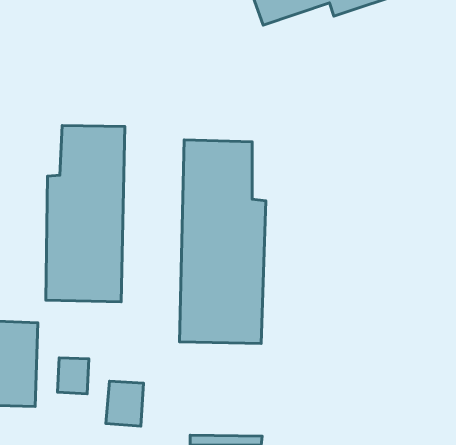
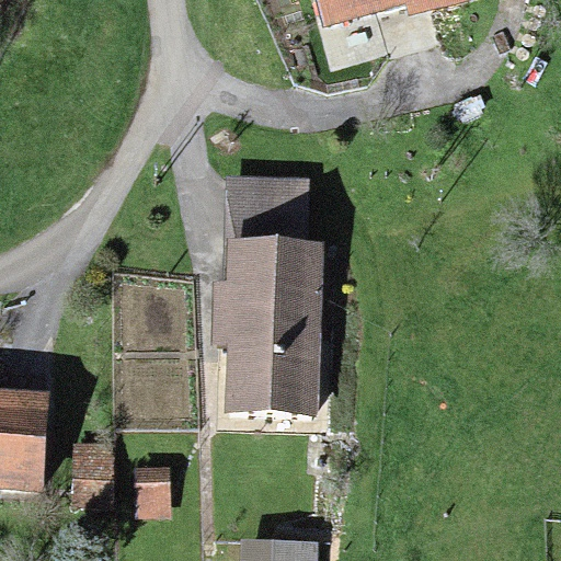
building: [46,125,125,302] -> none

